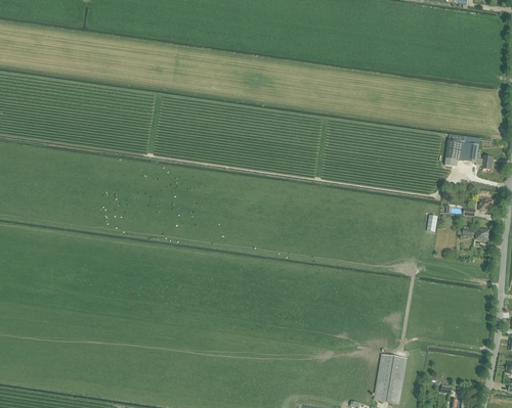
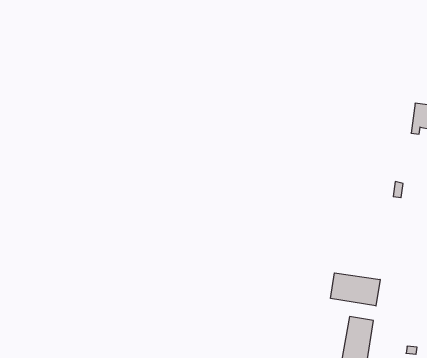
building: none -> [331,273,380,306]

